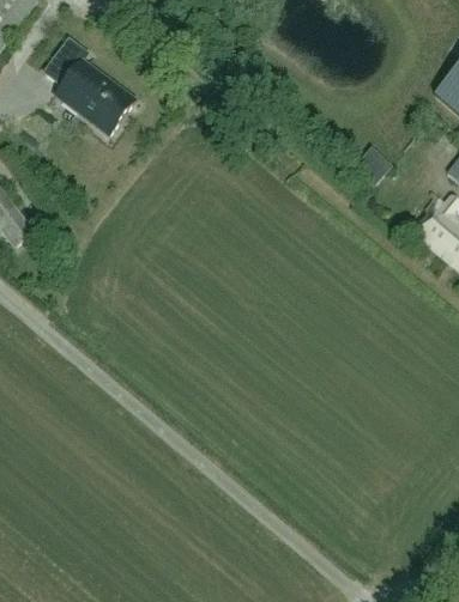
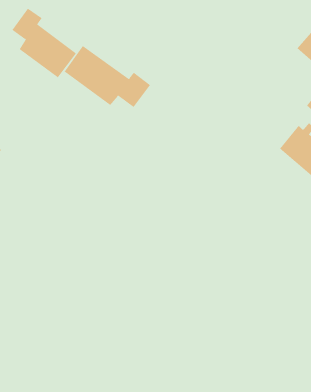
building: none -> [64,45,151,108]

